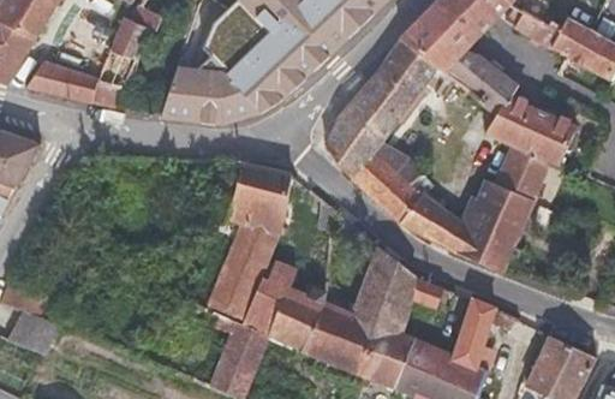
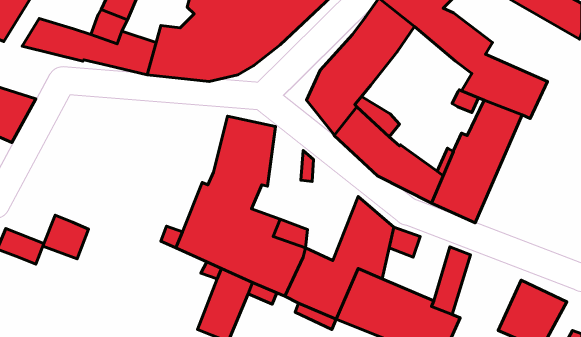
building: [10,309,58,355] -> [43,215,89,259]

